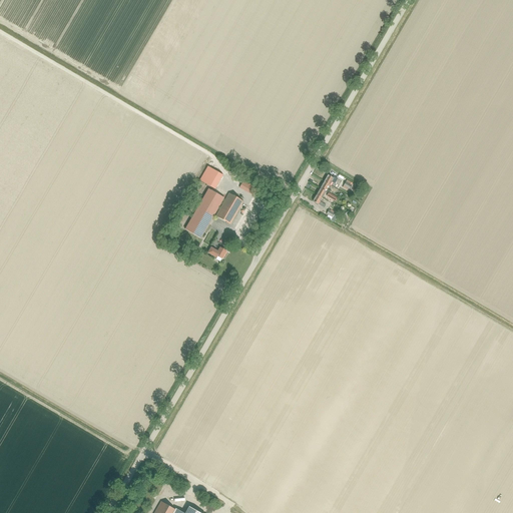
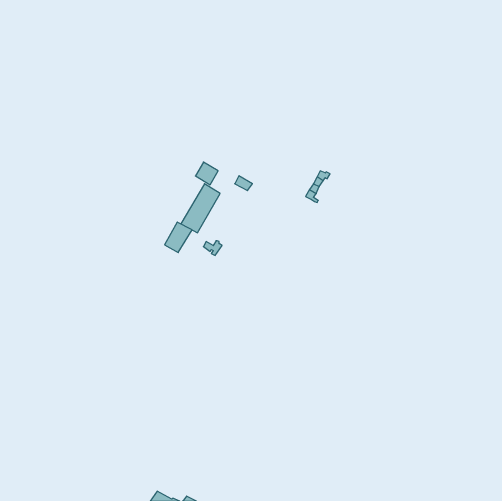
building: [215,192,243,223] -> [165,222,192,253]

